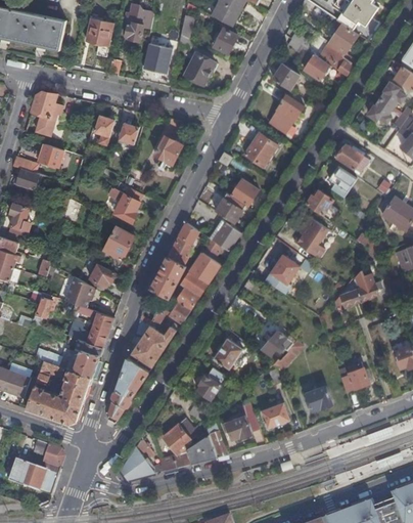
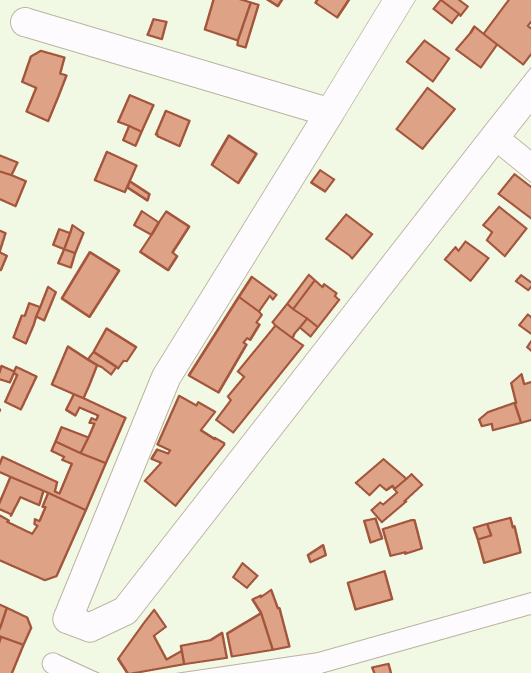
building: [183,54,213,86] -> none
building: [244,133,277,167] -> none
building: [38,143,63,168] -> [95,152,137,192]
building: [214,193,245,224] -> none
building: [294,218,327,258] -> none
building: [100,226,135,267] -> [62,252,119,317]
building: [265,255,300,289] -> none
building: [213,333,245,368] -> none
building: [106,357,148,423] -> none
building: [196,367,224,399] -> none
building: [306,387,331,410] -> [383,520,422,556]
building: [226,404,259,439] -> none
building: [163,419,202,454] -> none

